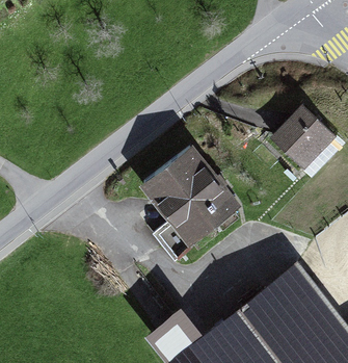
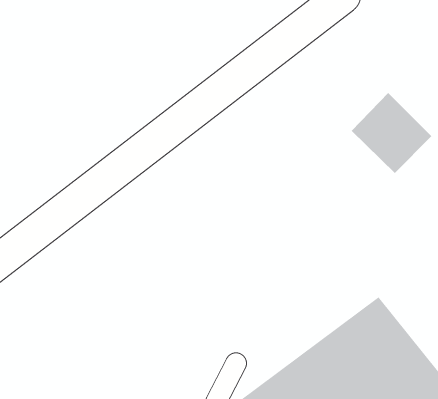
building: [138,148,239,251] -> none

